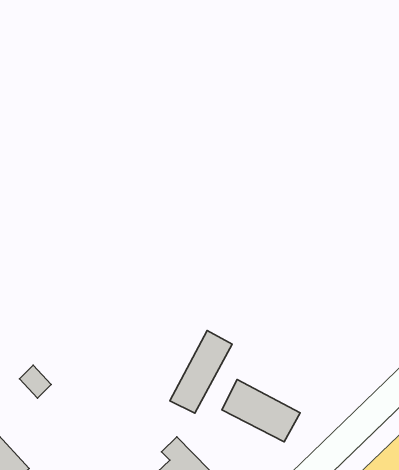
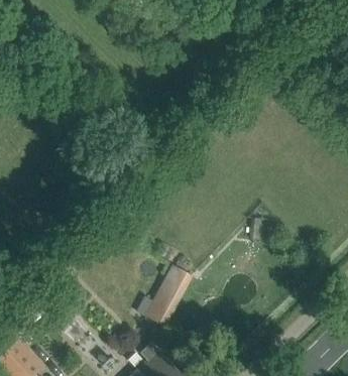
building: [222,380,300,442] -> none

